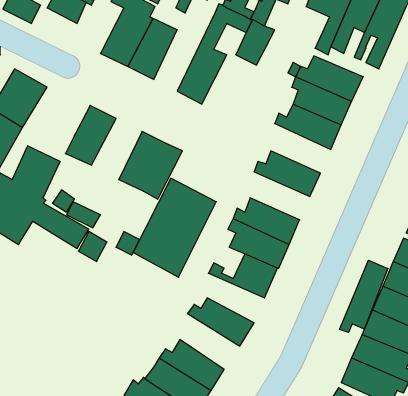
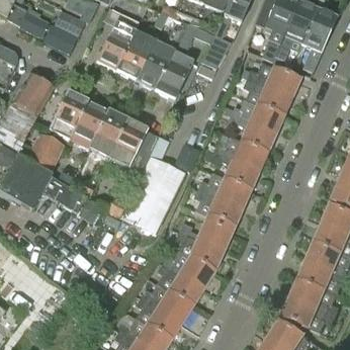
building: none -> [43,22,77,53]
building: none -> [137,26,184,89]
building: none -> [49,91,87,138]
building: none -> [88,110,127,158]
building: none -> [227,114,274,153]
building: none -> [210,152,258,189]
building: [339,260,388,332] -> none
building: none -> [176,231,223,269]
building: none -> [157,262,203,305]

